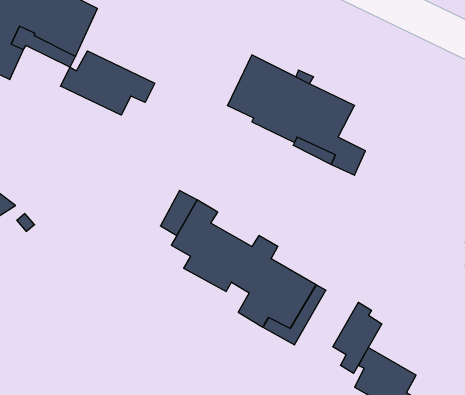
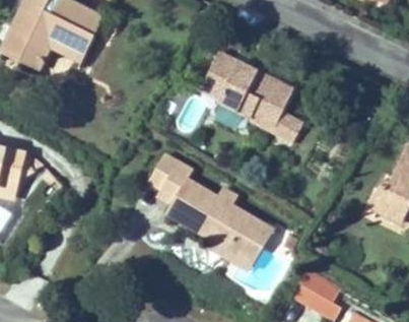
building: [60,51,155,115] -> none
building: [333,302,382,373] -> none

